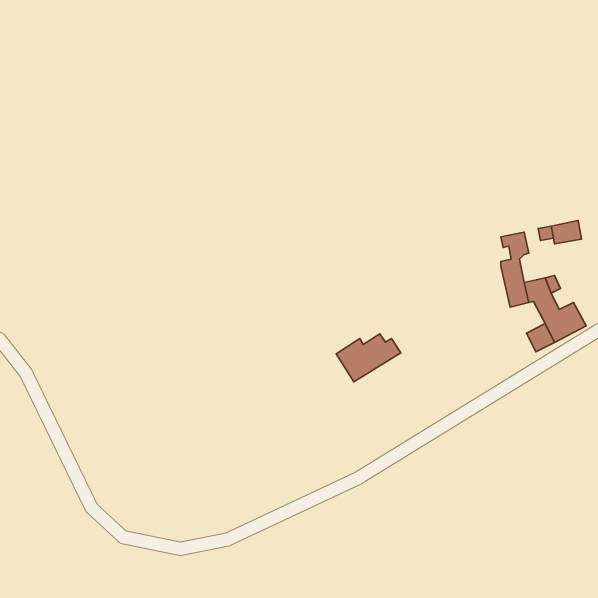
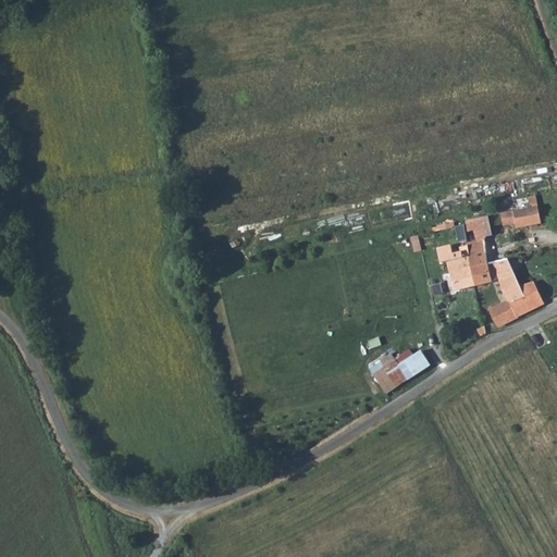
building: none -> [436,246,473,290]
building: [336,334,401,382] -> [368,348,428,393]

